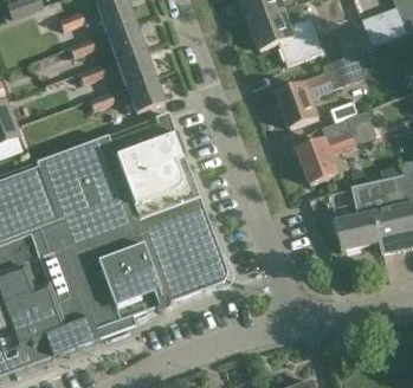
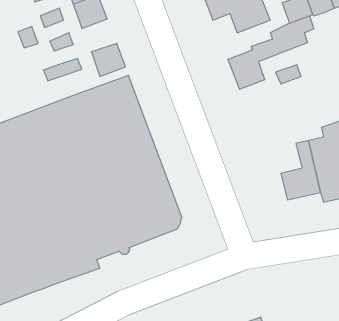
building: [115,50,154,86] -> none
building: [298,125,370,185] -> none

